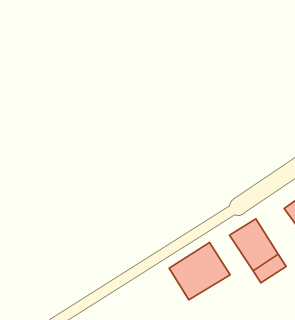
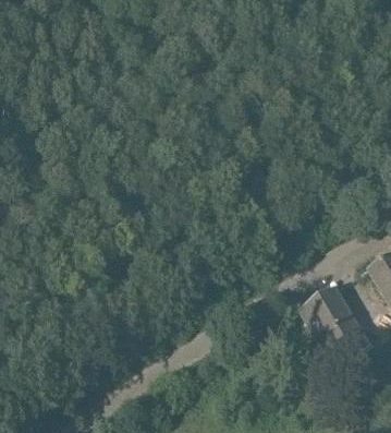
building: [169,242,230,300] -> none

